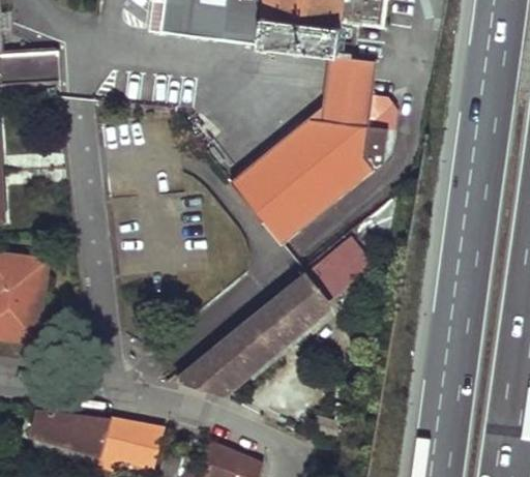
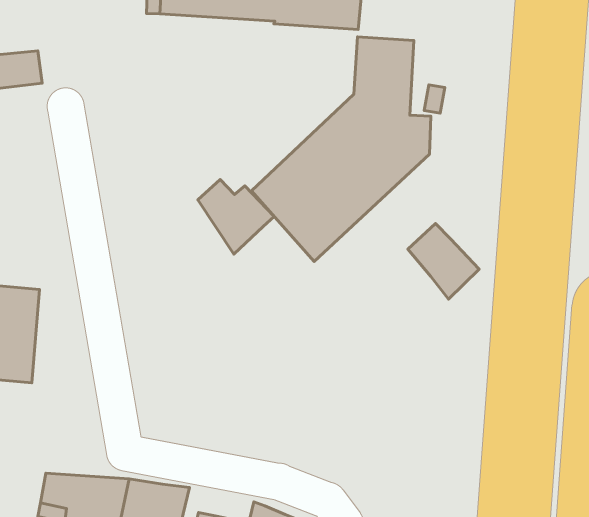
building: none -> [198,180,274,254]
building: none -> [408,223,479,299]
building: [176,234,373,393] -> none

